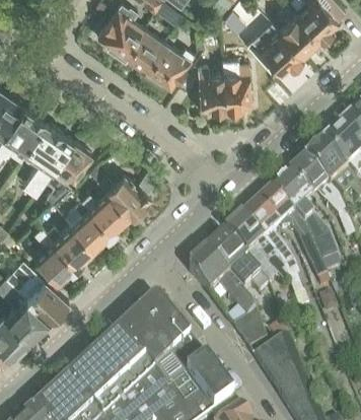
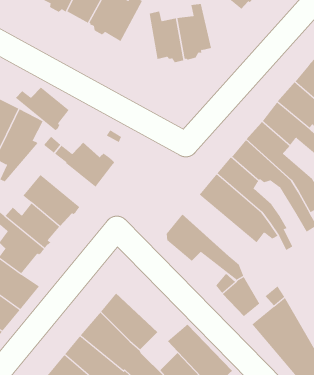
building: [82,192,130,233] -> [15,87,70,131]
building: [206,235,270,296] -> none
building: [137,299,198,364] -> none

